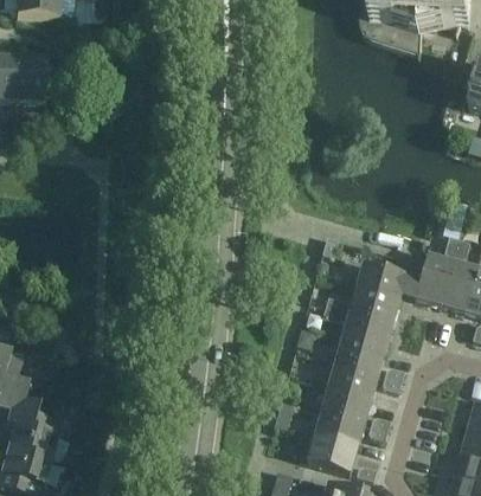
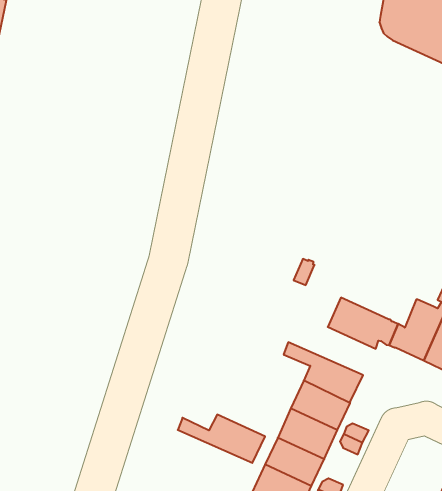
building: [326,288,399,323] -> [178,415,265,463]

